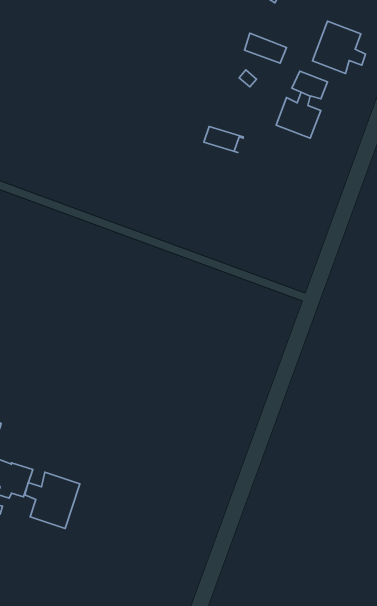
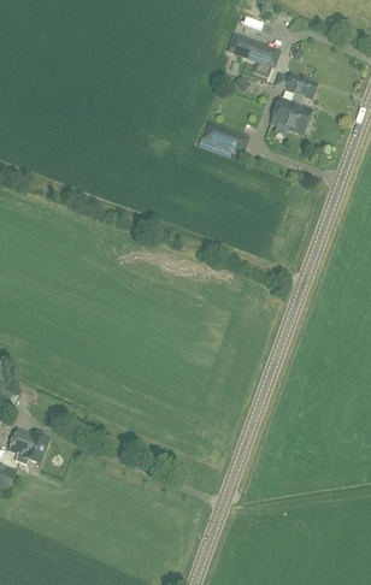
building: [312,21,365,74] -> none
building: [25,472,80,528] -> none

